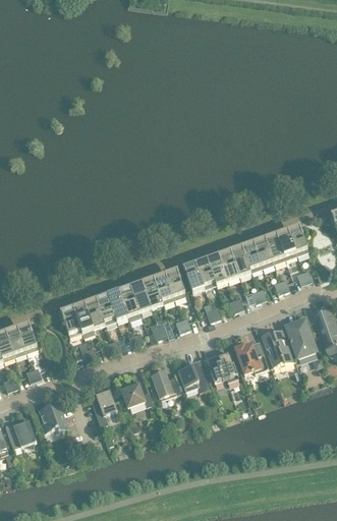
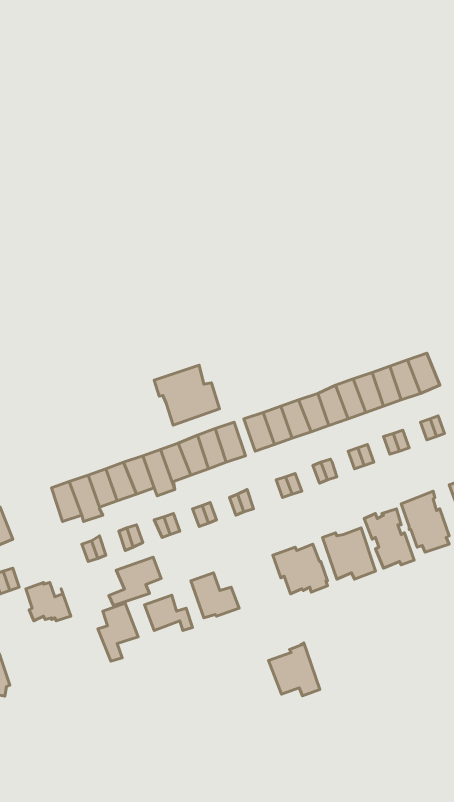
building: none -> [154,365,219,425]
building: [177,356,210,390] -> [269,643,320,696]
building: none -> [109,557,161,605]
building: [39,404,67,428] -> [26,582,71,621]

